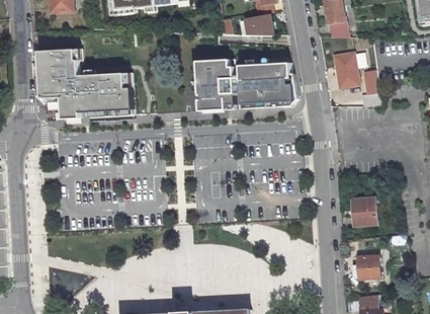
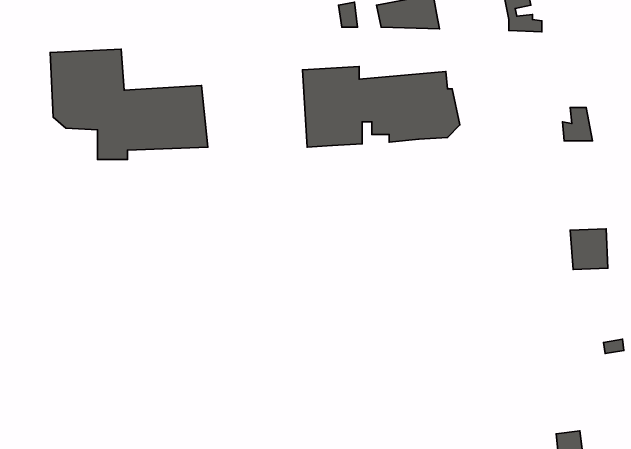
building: [337,51,359,86] -> none
building: [352,198,376,224] -> [570,229,608,270]
building: [354,254,379,279] -> none

